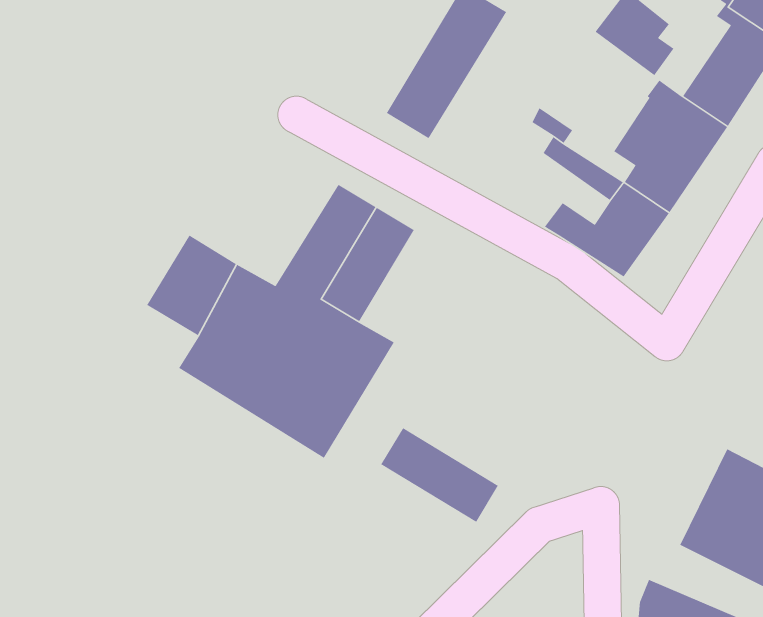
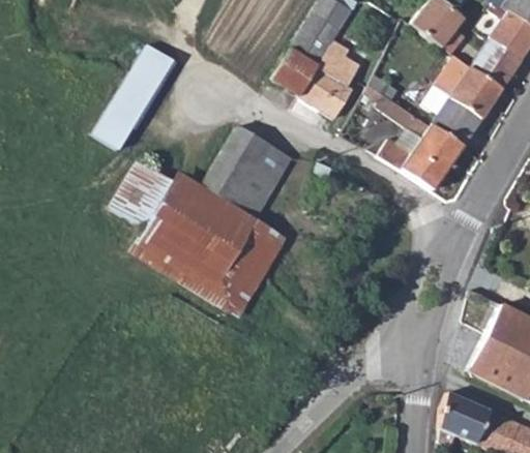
building: none -> [301,30,361,118]
building: none -> [94,46,175,150]
building: [380,427,499,523] -> none

